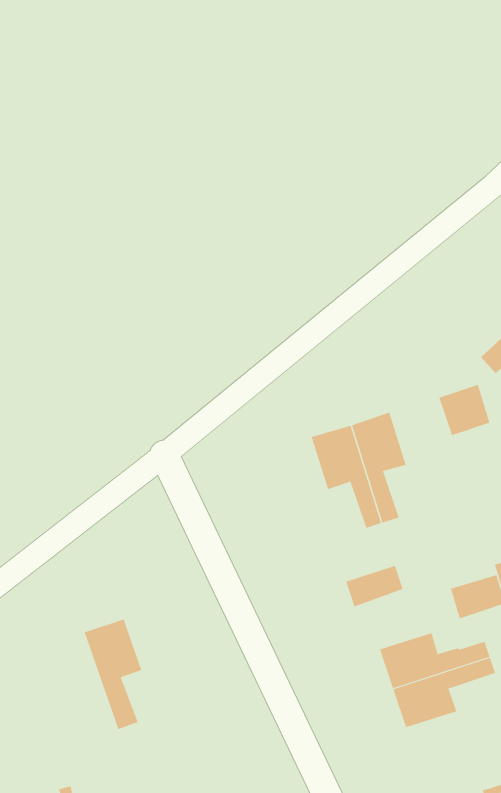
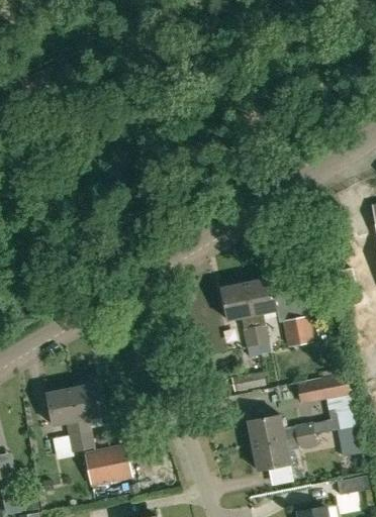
building: [438,384,490,436] -> [283,317,312,346]
building: none -> [45,388,83,451]
building: none -> [85,447,131,483]

